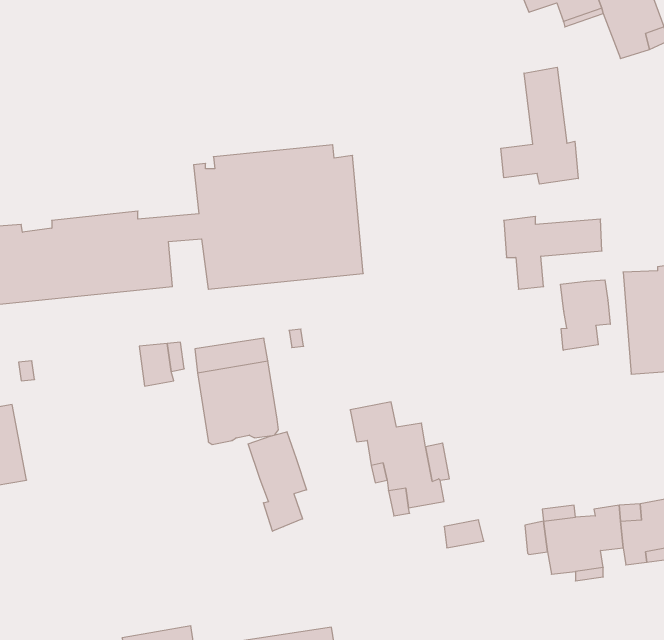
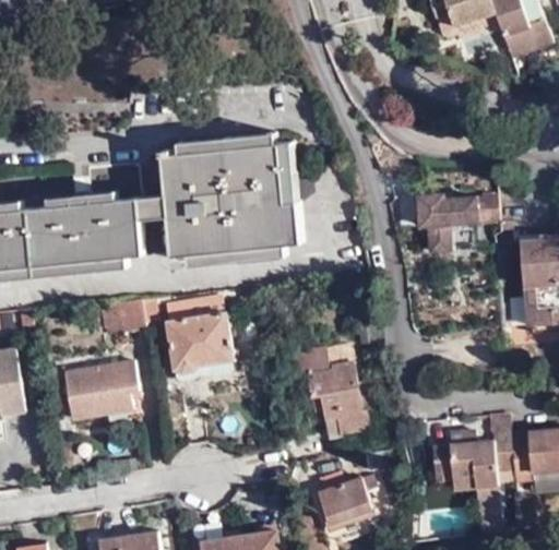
building: [501,67,578,184] -> none
building: [561,280,610,350] -> none
building: none -> [64,362,138,420]
building: [248,432,307,531] -> none
building: none -> [319,473,371,526]

